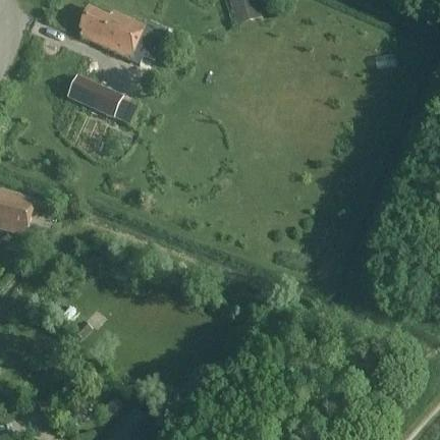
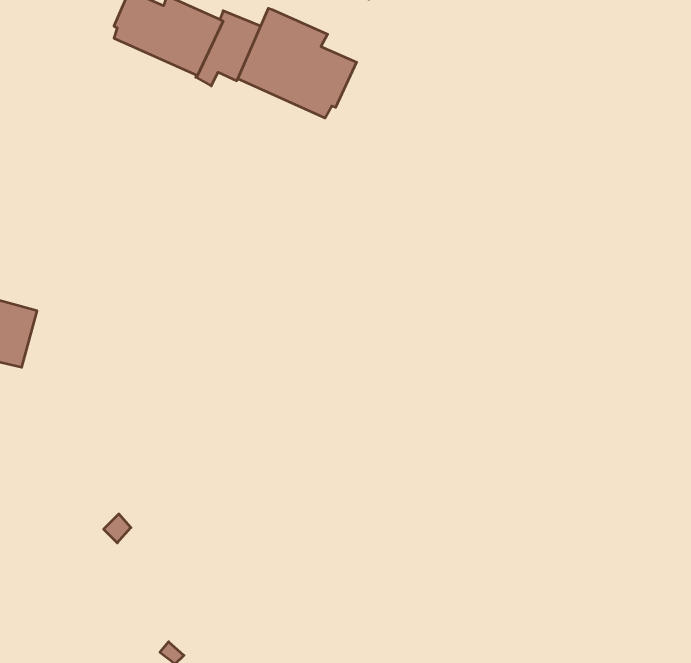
building: none -> [238,8,357,118]
building: [65,74,122,117] -> none

